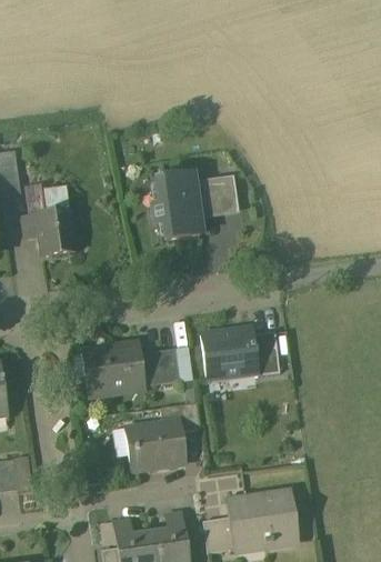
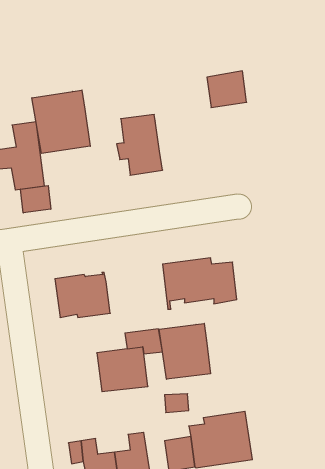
building: none -> [32,90,90,153]
building: [193,174,235,213] -> [207,71,247,108]
building: none -> [21,186,51,213]
building: [141,348,180,385] -> none
building: none -> [159,323,210,379]

